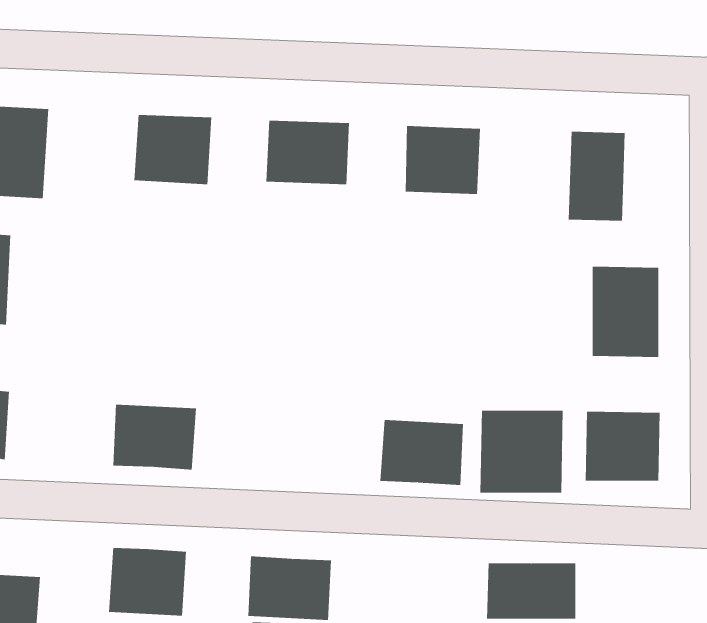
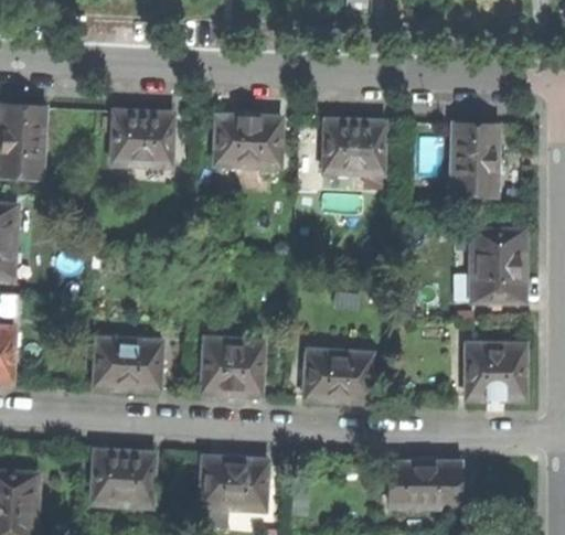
building: none -> [202,338,264,395]
building: [480,410,563,493] -> none

